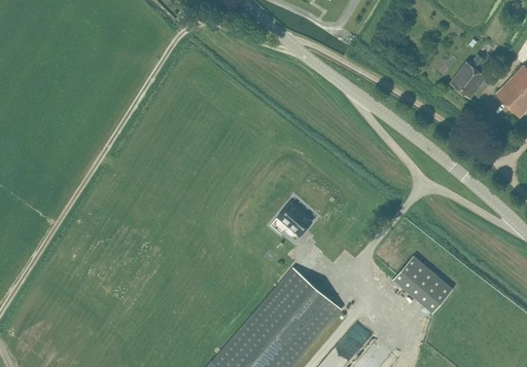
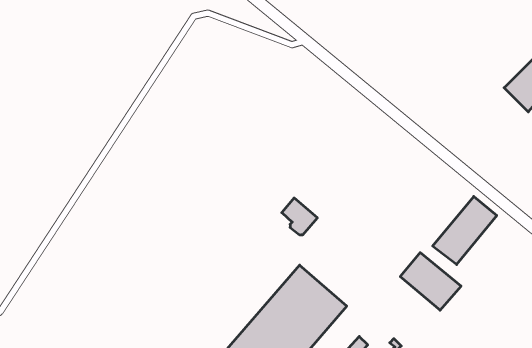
building: [450,53,488,98] -> none
building: none -> [433,196,497,265]

